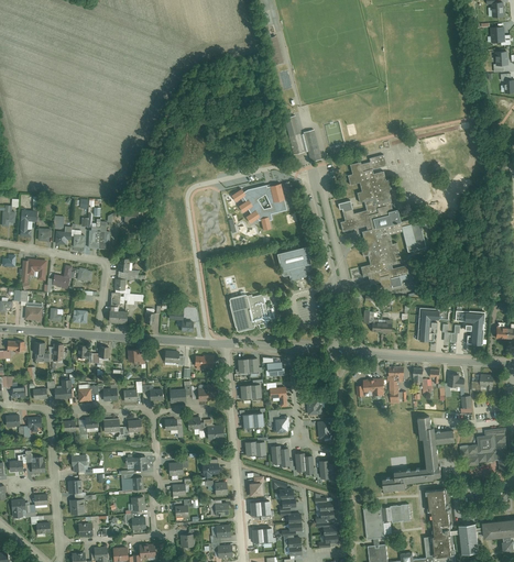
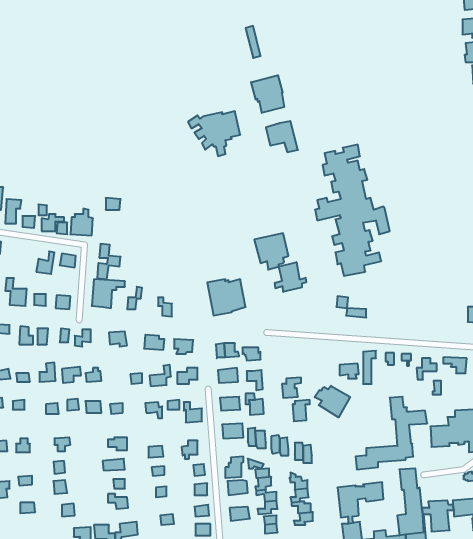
building: none -> [251,75,284,113]
building: [232,184,286,230] -> [188,111,240,156]
building: [21,260,46,290] -> none
building: none -> [275,262,306,292]
building: [416,307,448,341] -> none
building: [453,310,484,344] -> none
building: none -> [315,386,350,417]

